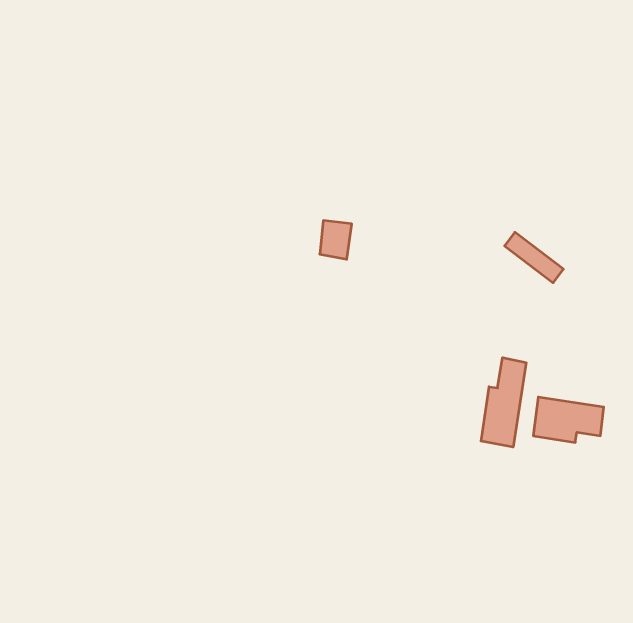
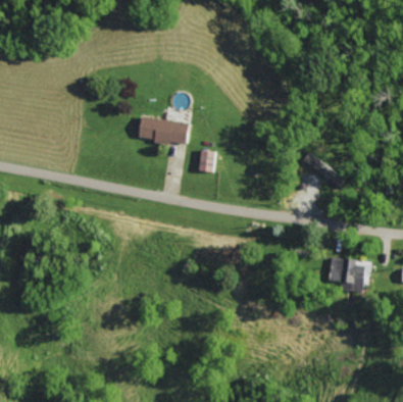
building: none -> [138,116,189,145]
building: [481,358,526,447] -> none

